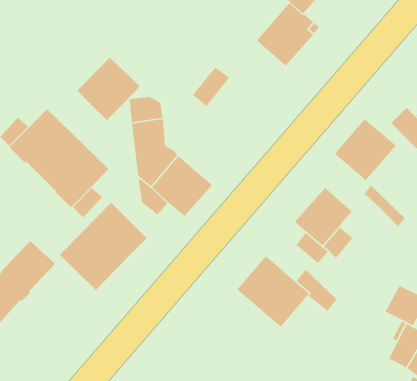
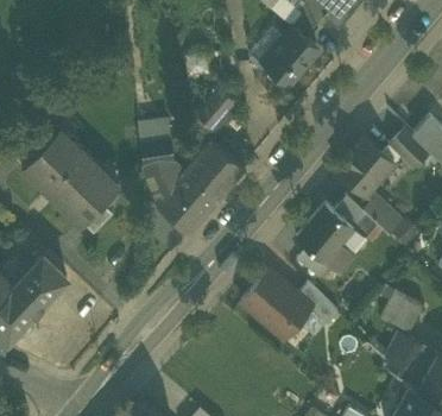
building: [77,57,141,121] -> none
building: none -> [185,141,246,202]
building: none -> [335,196,379,240]
building: [59,202,148,291] -> none

